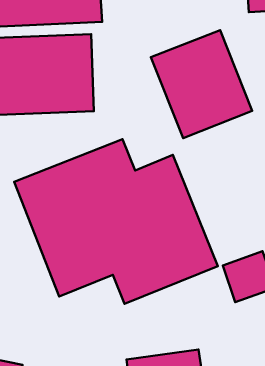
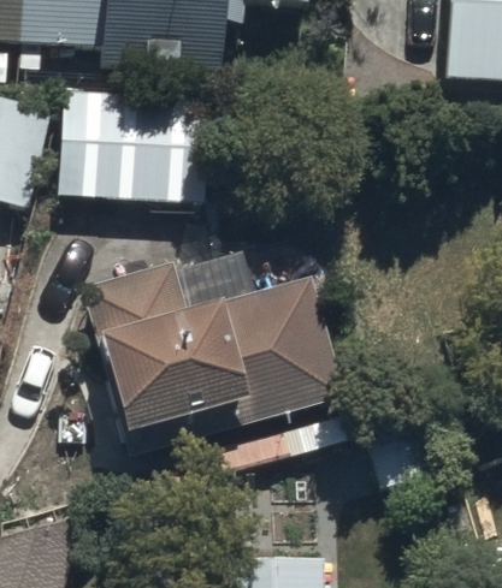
building: [151,30,252,138] -> none

